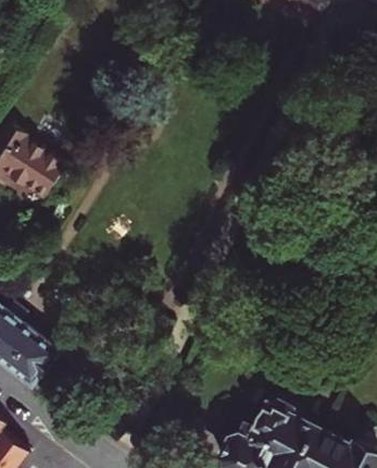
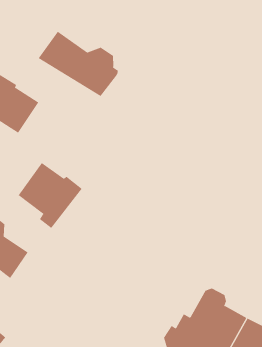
building: none -> [38,31,119,97]
building: none -> [18,162,82,229]

